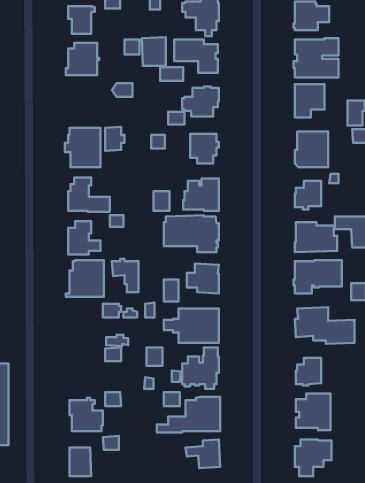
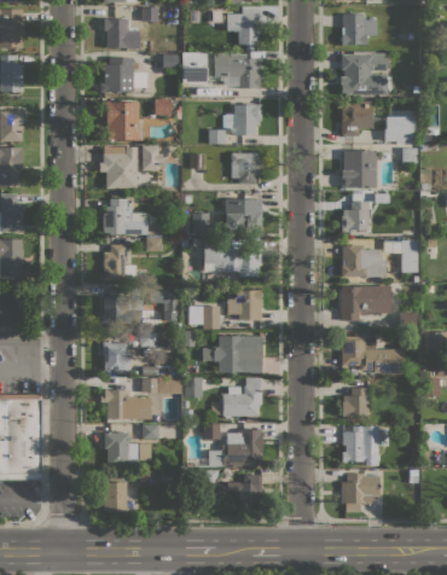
building: none -> [100,101,143,139]
building: none -> [103,341,129,372]
building: none -> [100,389,151,419]

